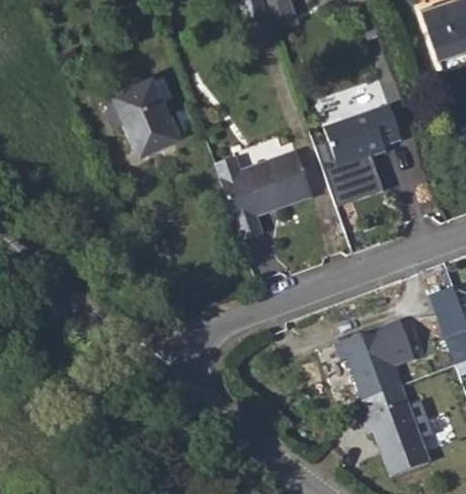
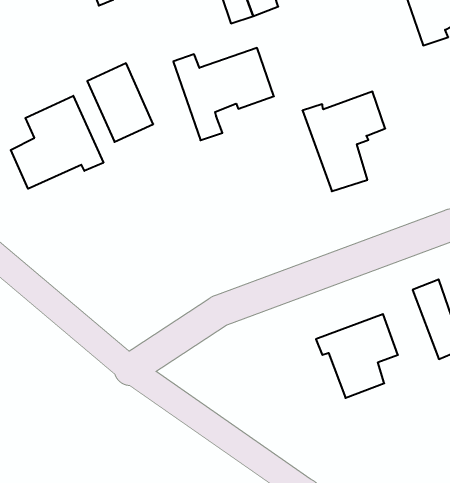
building: none -> [11,96,103,189]
building: [216,151,313,240] -> [173,48,274,140]
building: [363,386,433,477] -> none

